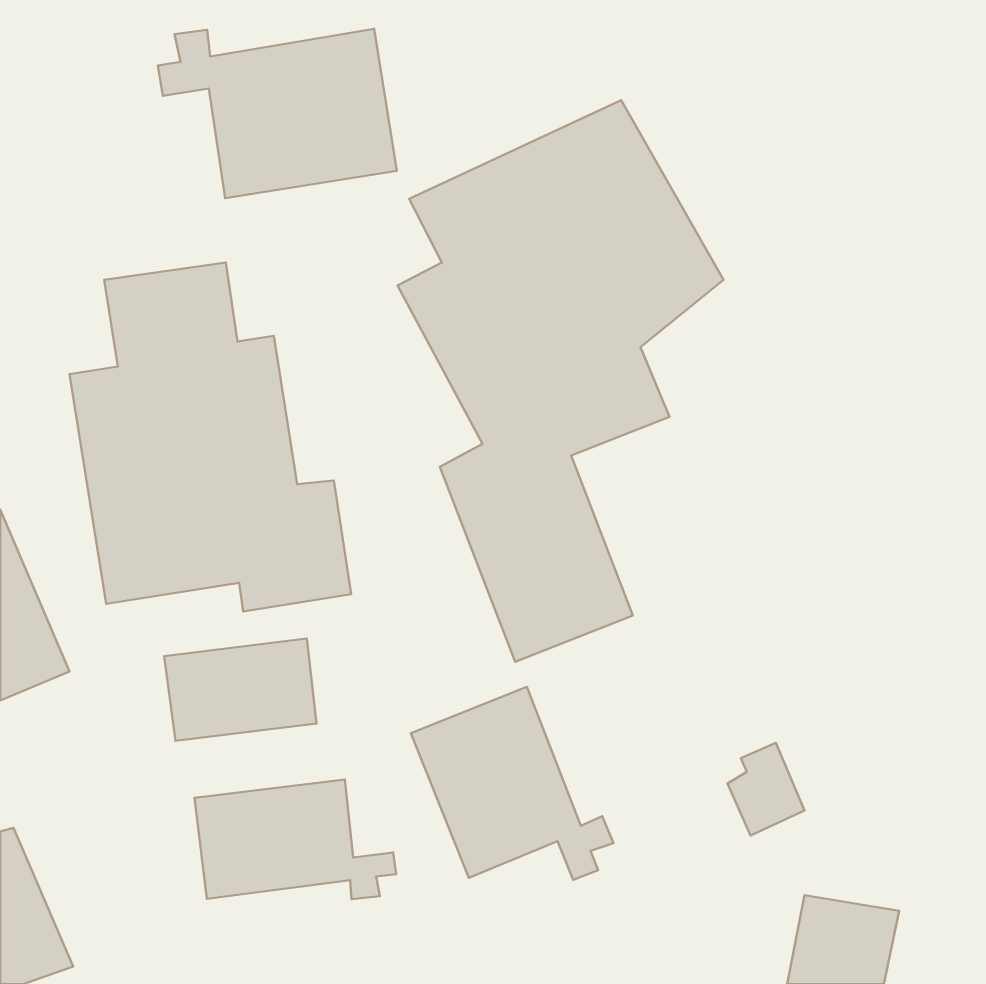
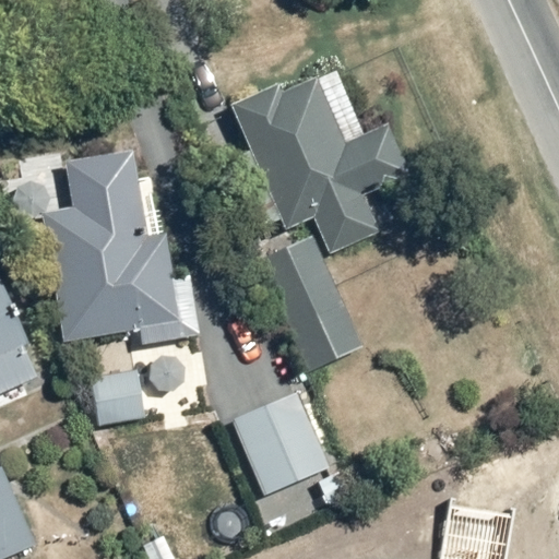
building: [158,29,397,198] -> none
building: [194,780,396,899] -> none

